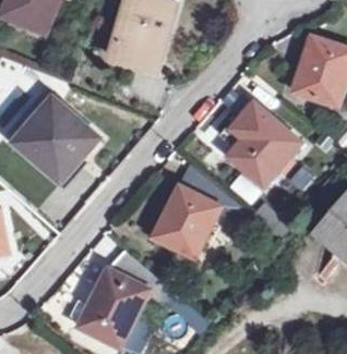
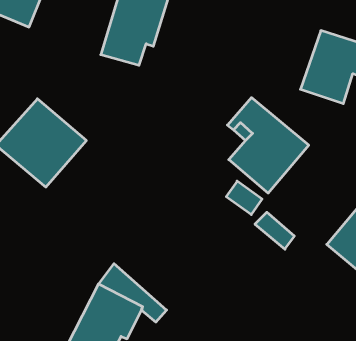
building: [153,163,238,255] -> none

